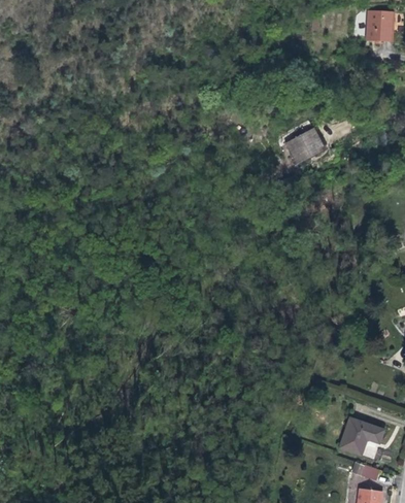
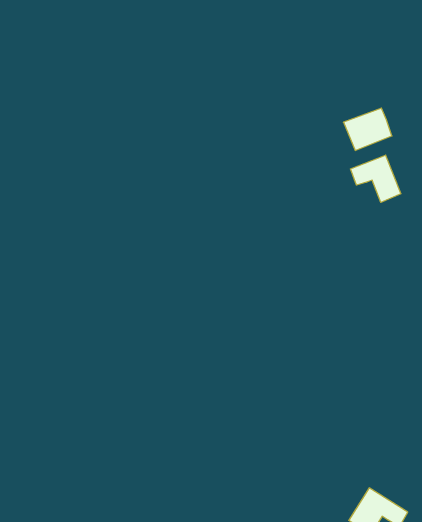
building: none -> [351,155,401,202]

